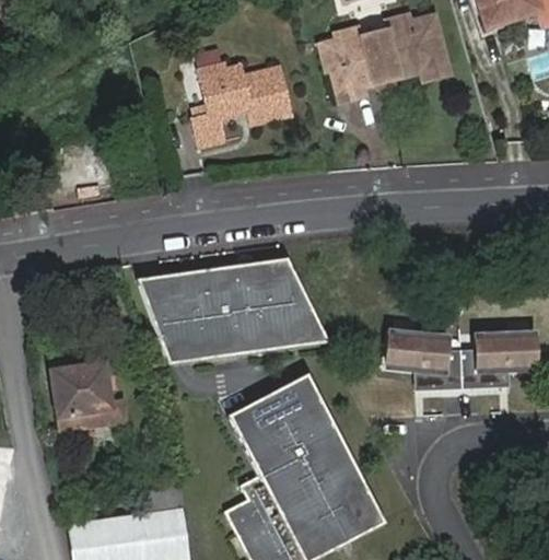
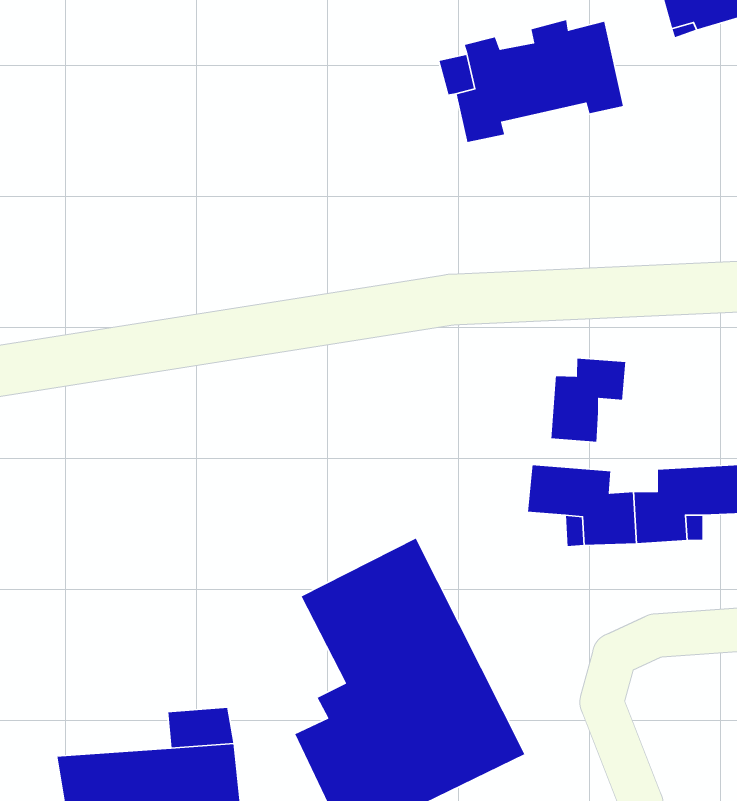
building: [195,68,295,147] -> none
building: none -> [551,358,626,442]
building: [141,259,325,362] -> none
building: [51,361,128,443] -> none

